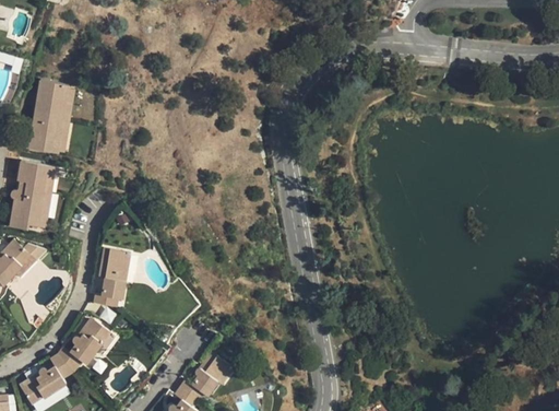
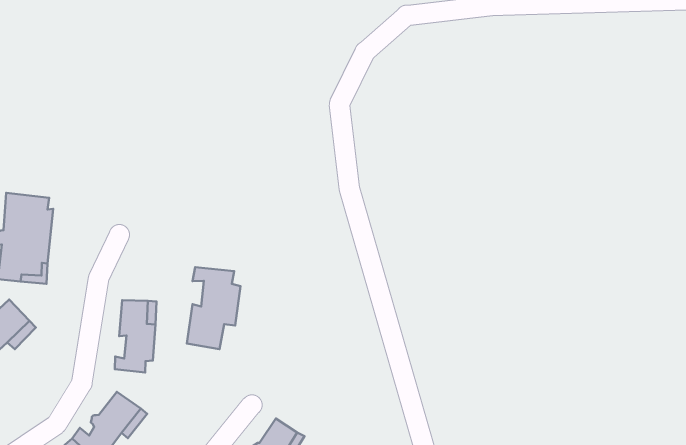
building: [28,80,75,154] -> none
building: none -> [187,267,241,349]

